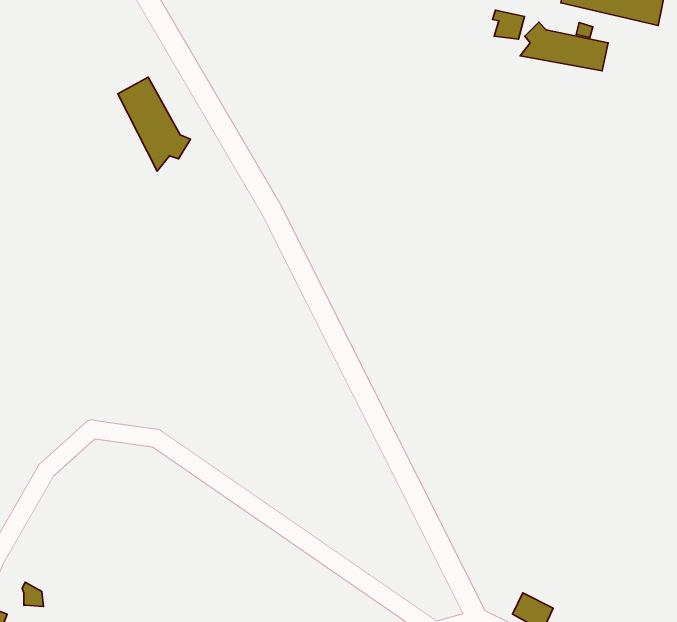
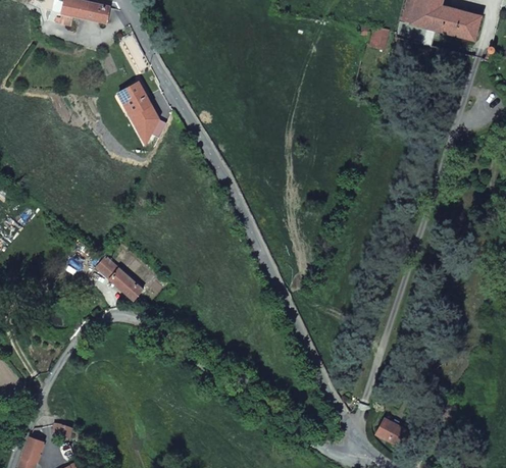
building: [520,22,608,71] -> none
building: none -> [95,254,141,297]

